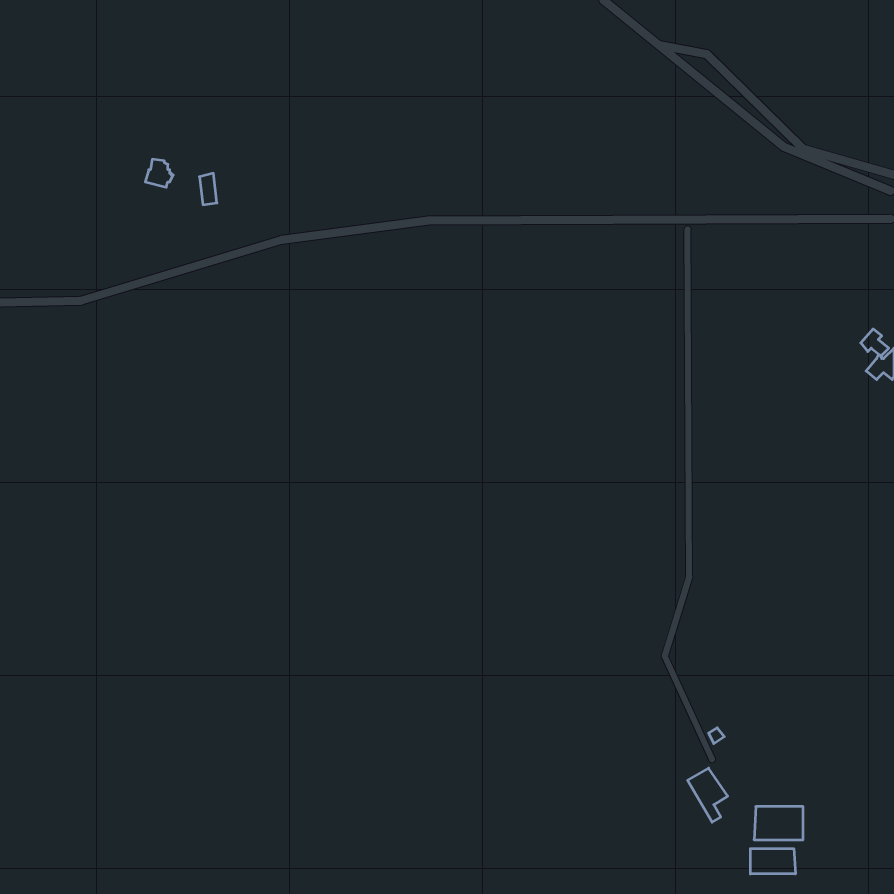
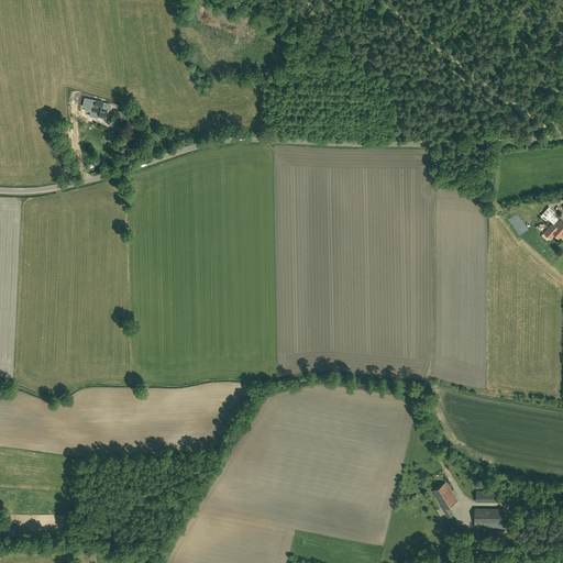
building: [750,849,795,874] -> none

